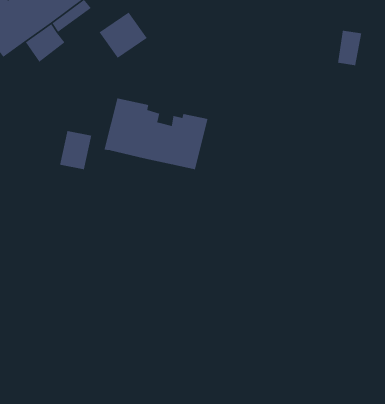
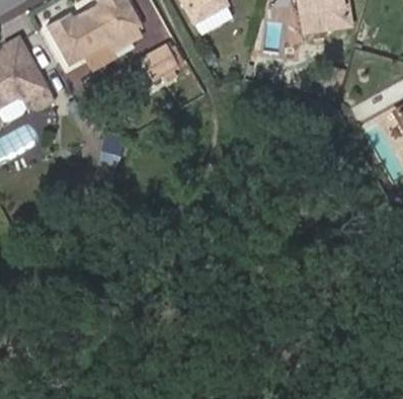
building: [103,97,208,170] -> none

